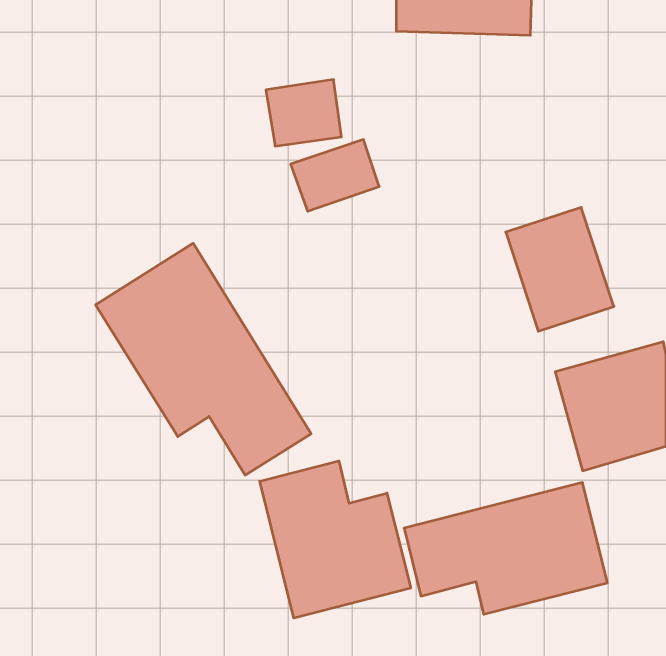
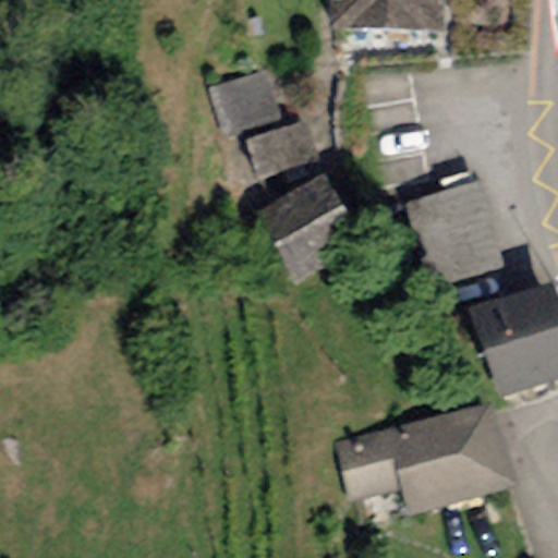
building: none -> [255,175,361,280]
building: [96,243,311,475] -> none
building: [260,461,411,618] -> none

